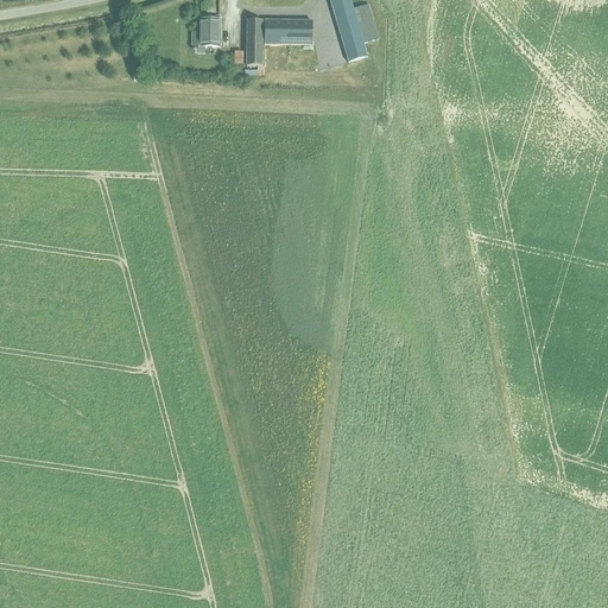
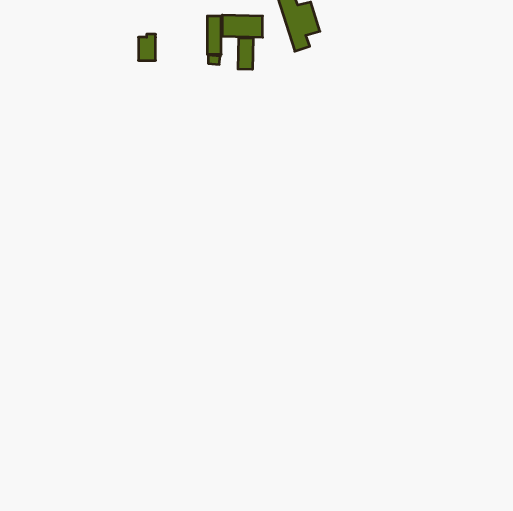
building: [198,14,218,45] -> [138,34,156,60]
building: none -> [238,38,253,69]

